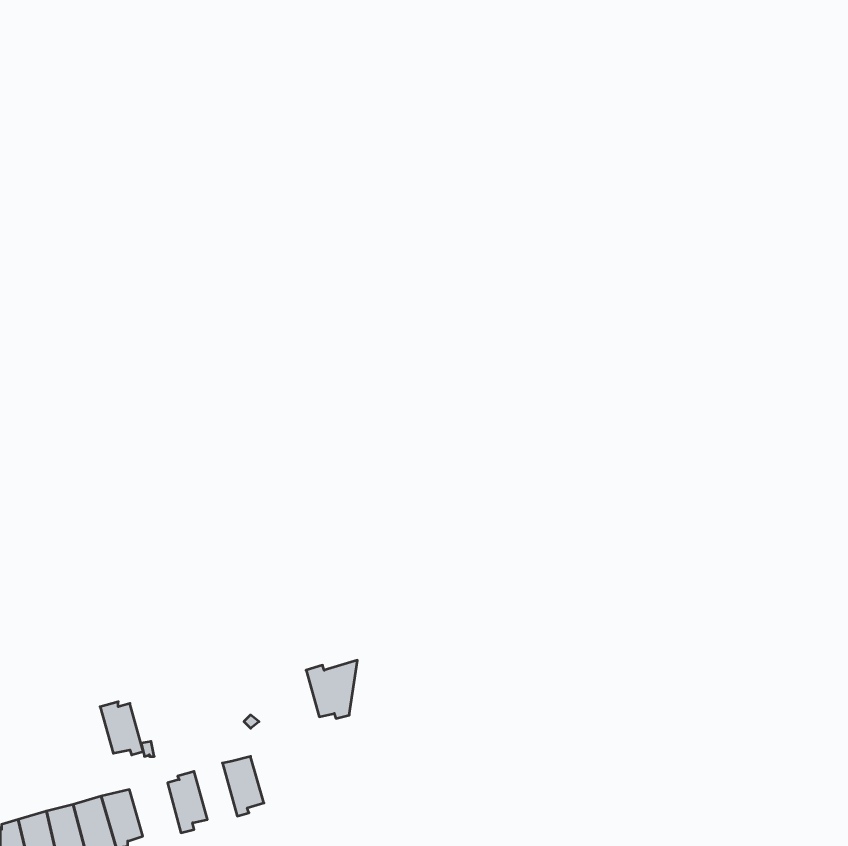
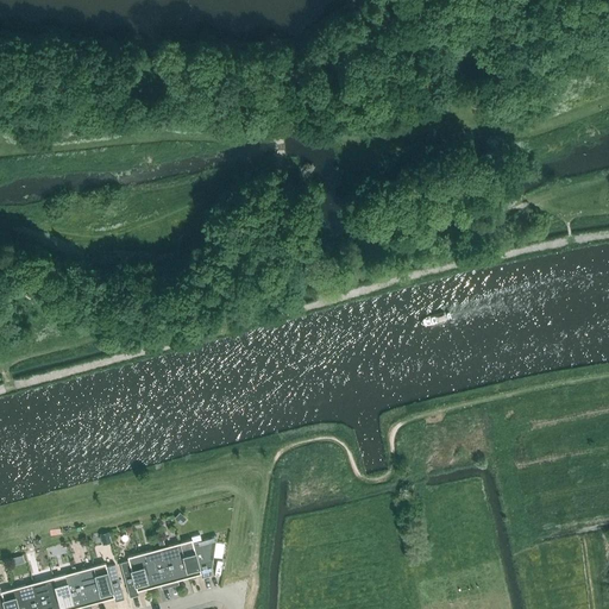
building: [306,660,357,718] -> [180,536,216,578]
building: [100,702,143,755] -> [93,564,124,602]
building: none -> [139,548,170,589]

